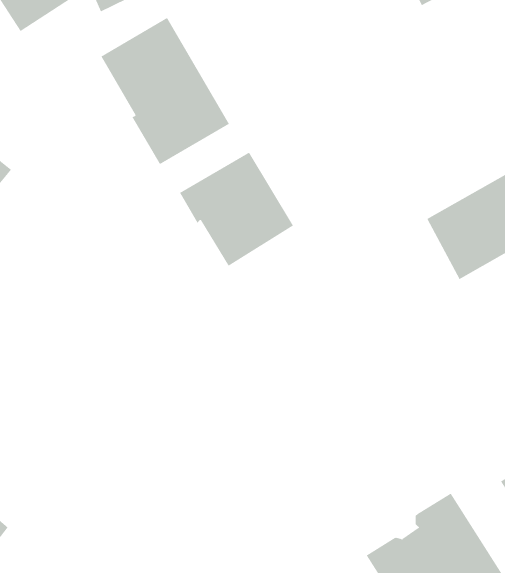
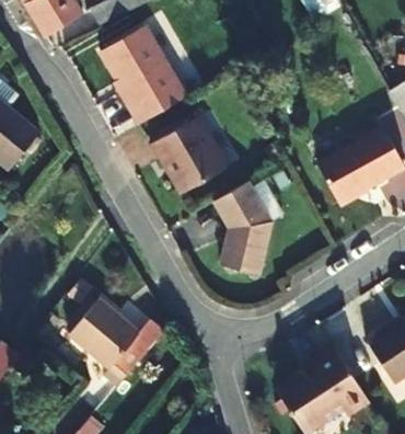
building: none -> [215,181,271,274]
building: none -> [66,304,163,386]

